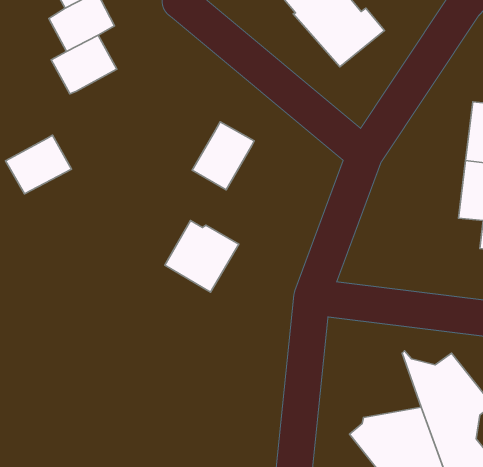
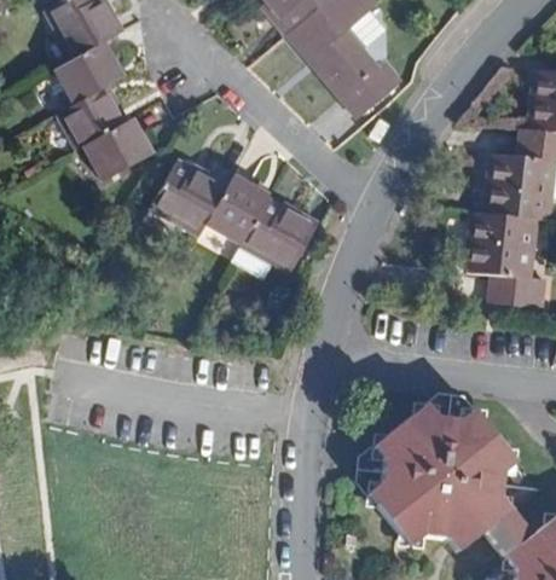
building: none -> [149,161,227,233]
building: [6,135,71,194] -> [85,115,152,175]
building: [165,221,239,292] -> [239,197,315,271]
building: none -> [371,411,440,477]

